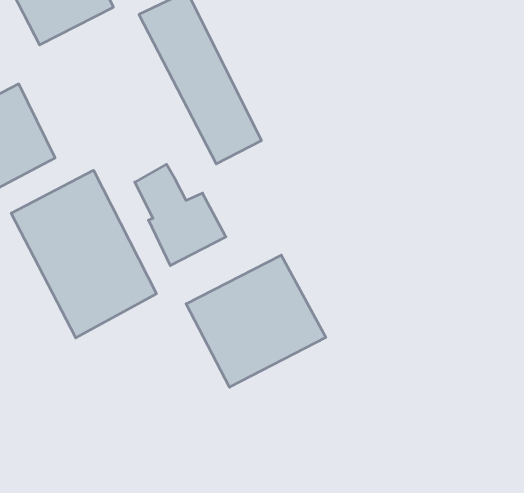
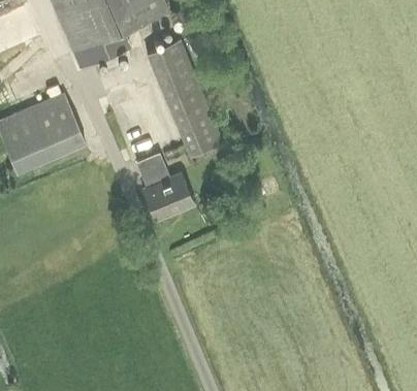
building: [11,170,156,338] -> none
building: [186,255,326,387] -> none

